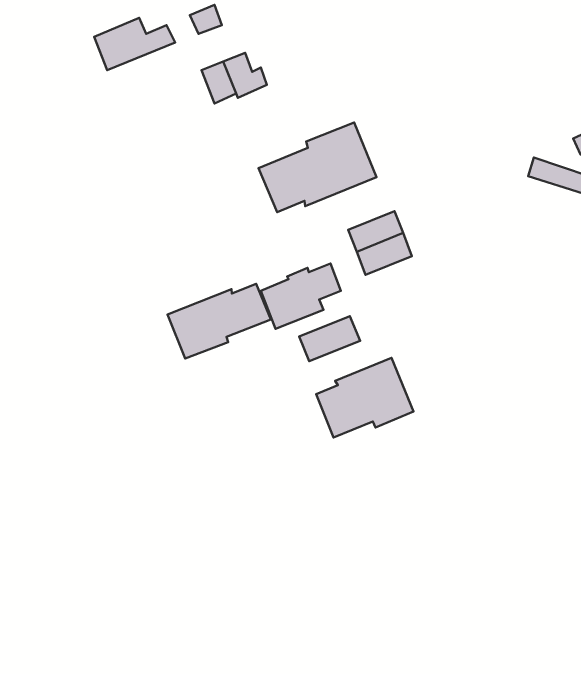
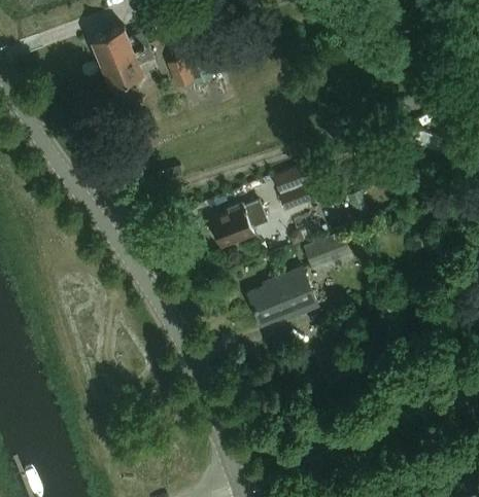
building: none -> [100,45,153,88]
building: [259,122,377,212] -> none
building: [167,284,271,359] -> none
building: [299,316,360,361] -> [302,235,345,267]

